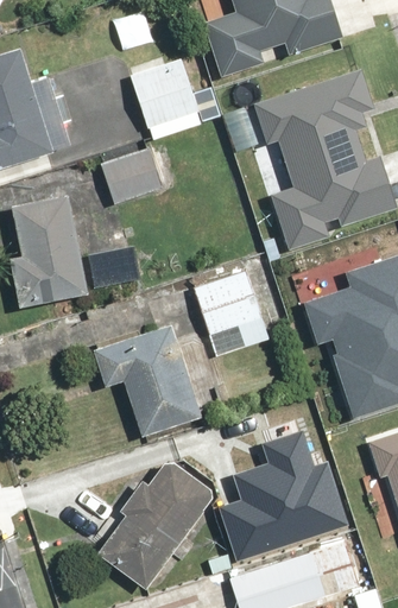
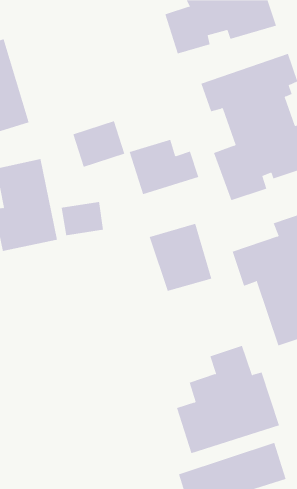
building: [129,62,215,129] -> [129,139,199,195]
building: [91,325,198,437] -> none
building: [94,458,211,590] -> none

